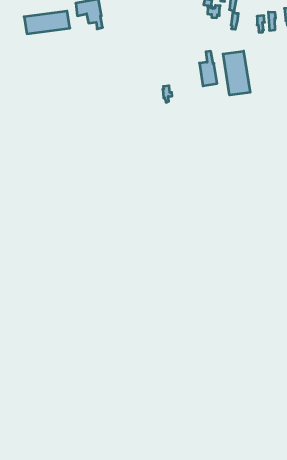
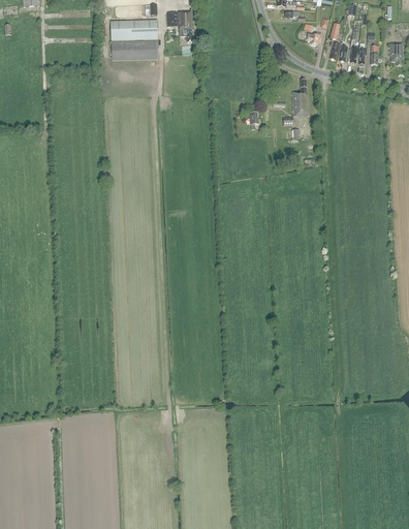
building: none -> [111,39,157,60]
building: [223,51,250,95] -> none

